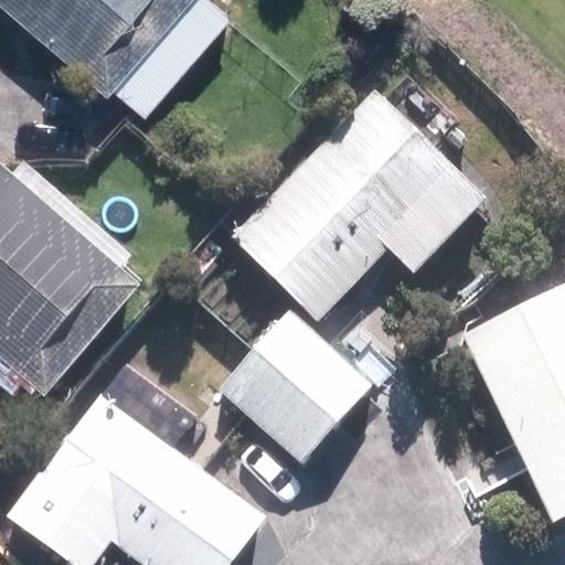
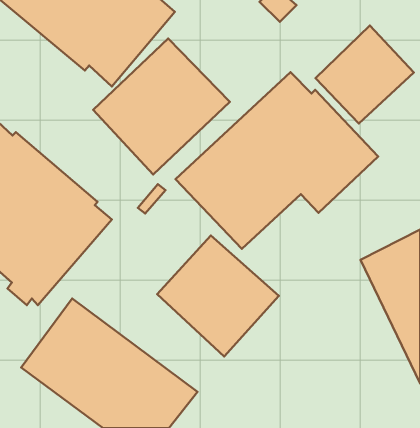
building: none -> [315,26,414,123]
building: none -> [93,38,230,174]

